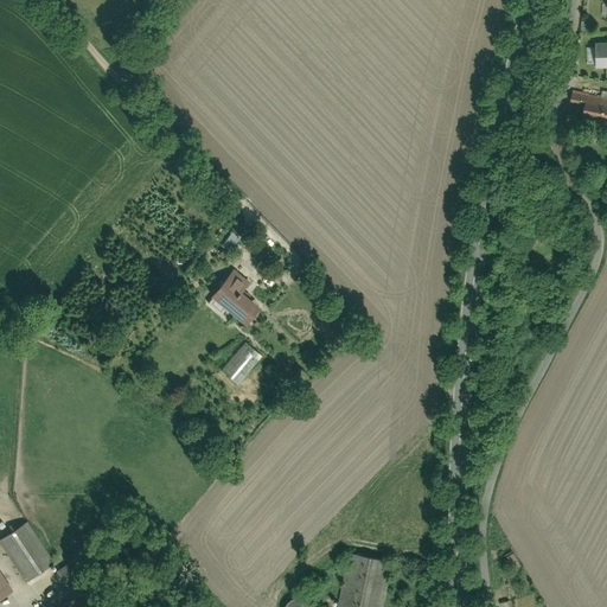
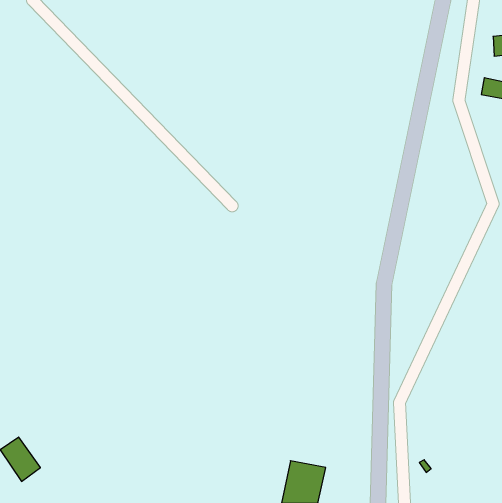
building: [210,269,256,324] -> none
building: [224,344,262,383] -> none

